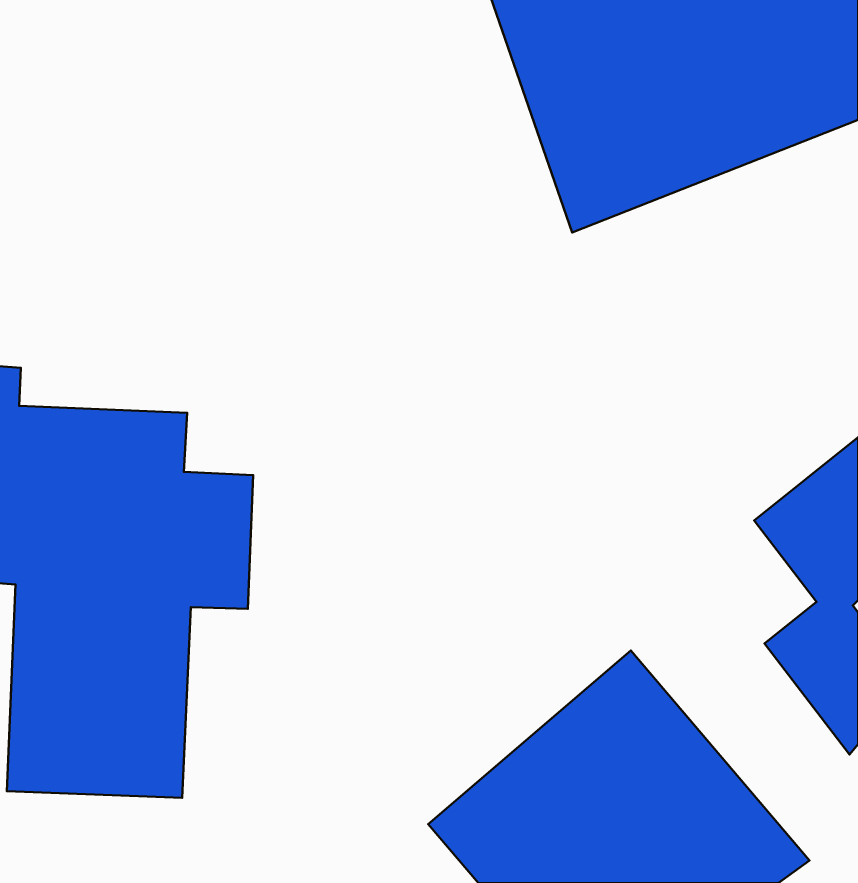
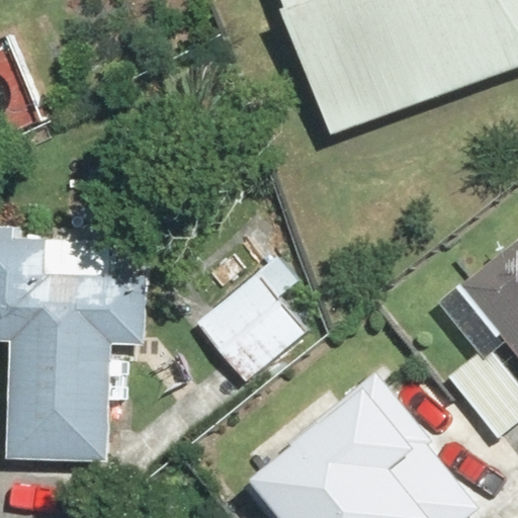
building: none -> [191,271,308,386]

